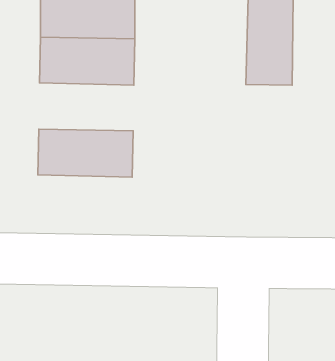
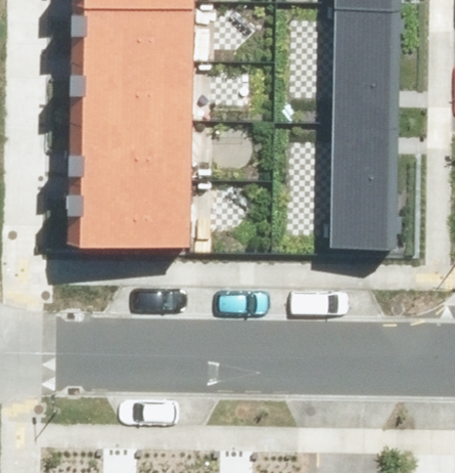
building: none -> [71,114,192,175]
building: none -> [332,116,395,235]

